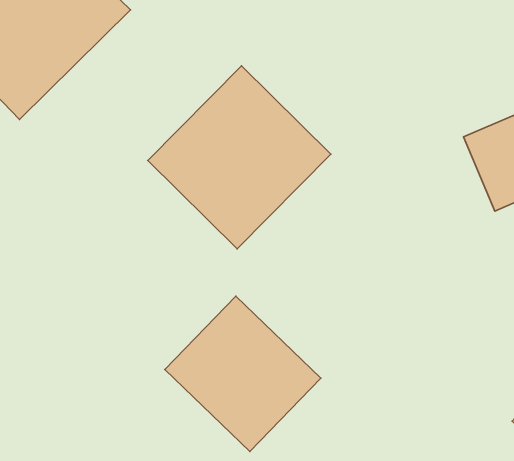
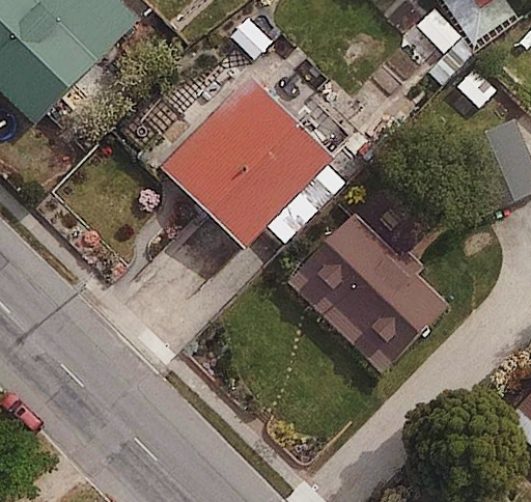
building: none -> [290,213,449,369]
building: [165,296,321,452] -> none

